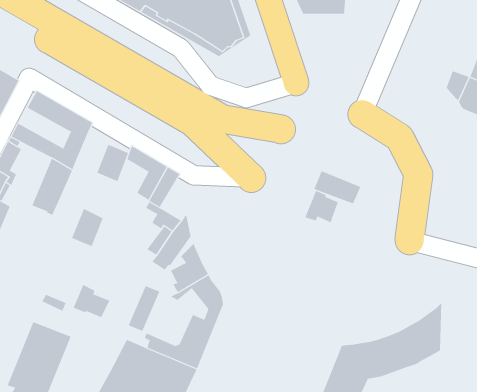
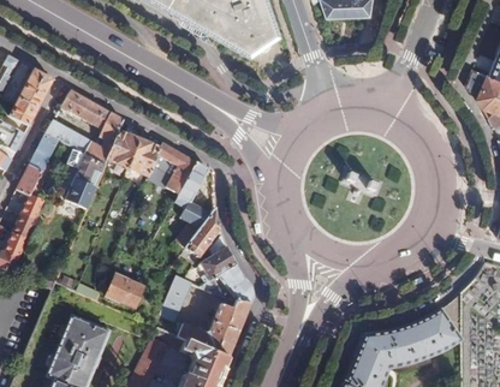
building: [305,190,339,223] -> none
building: [71,208,104,247] -> [108,131,139,168]

